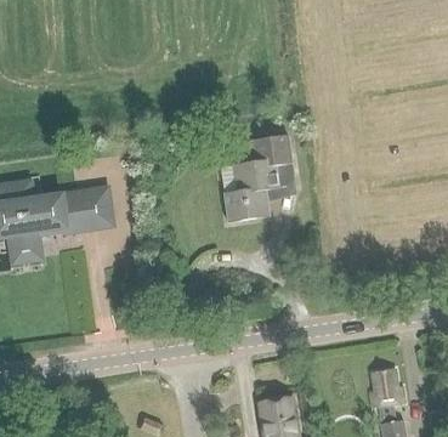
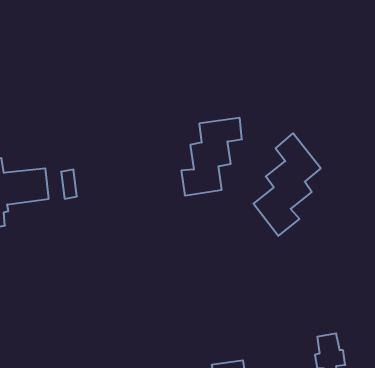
building: none -> [253,133,321,236]

